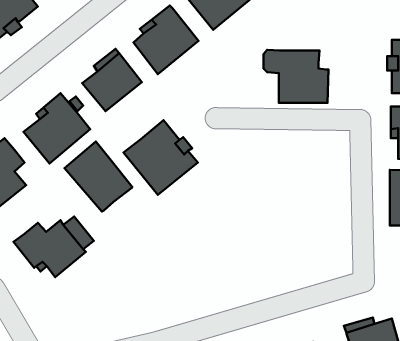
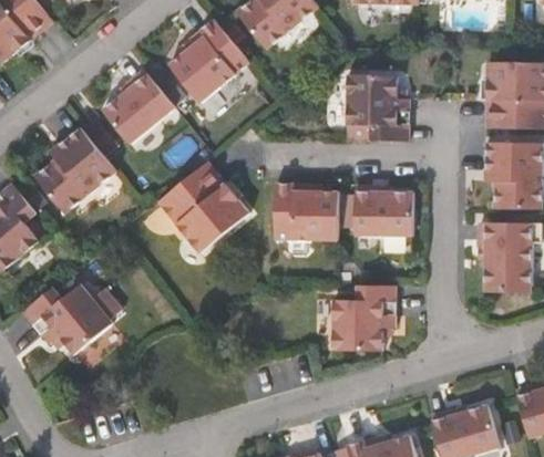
building: none -> [259,181,325,239]
building: [65,142,132,212] -> none
building: none -> [355,191,412,236]
building: none -> [330,284,393,347]

